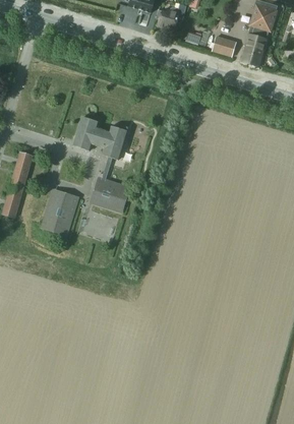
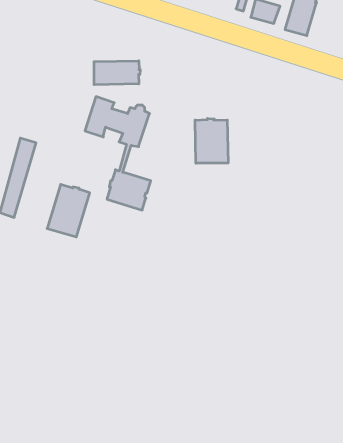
building: none -> [94,61,140,85]
building: none -> [195,118,228,163]

